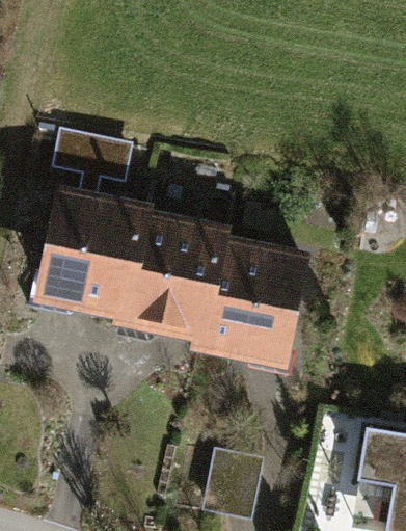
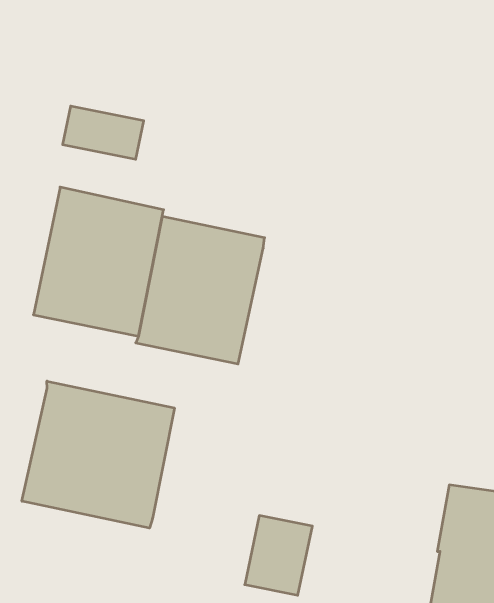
building: [202,242,305,359] -> none
building: none -> [22,381,174,528]

